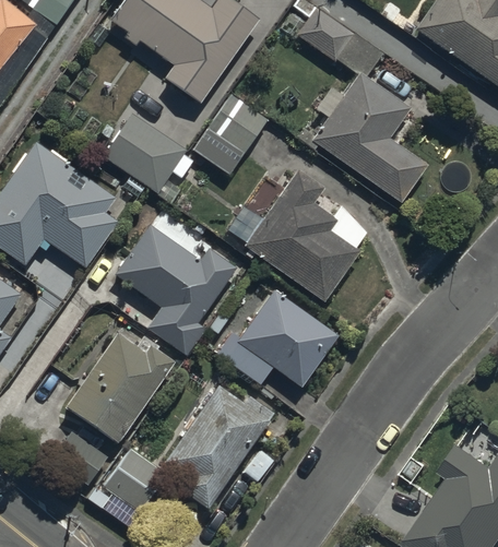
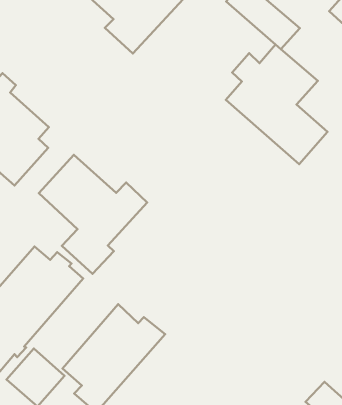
building: [194,94,268,173] -> none
building: [102,112,191,192] -> none
building: [244,173,375,307] -> none
building: [213,290,336,385] -> none

